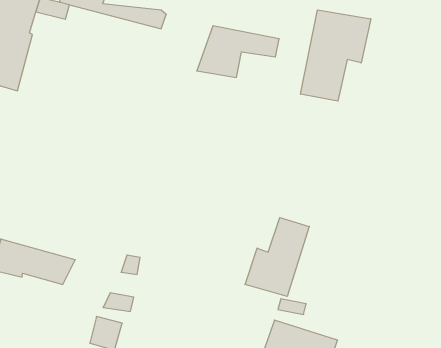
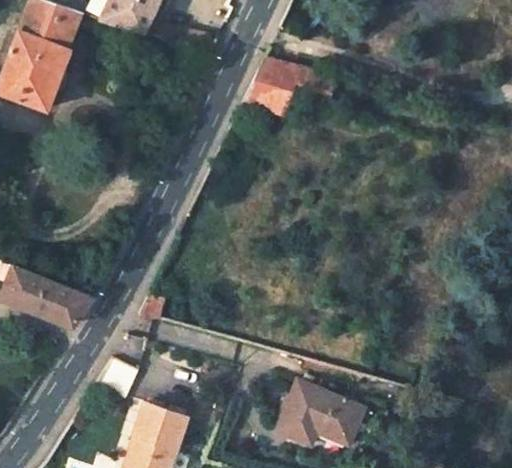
building: [301,10,371,101] -> none
building: [245,218,309,296] -> none

